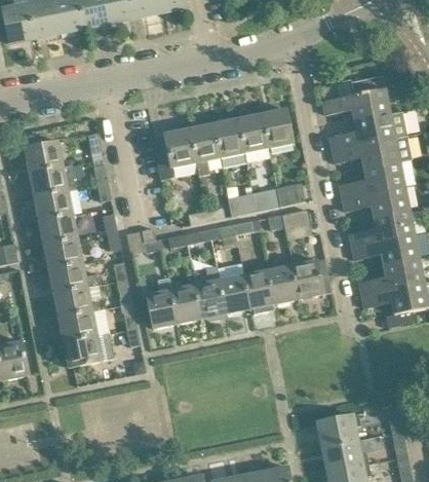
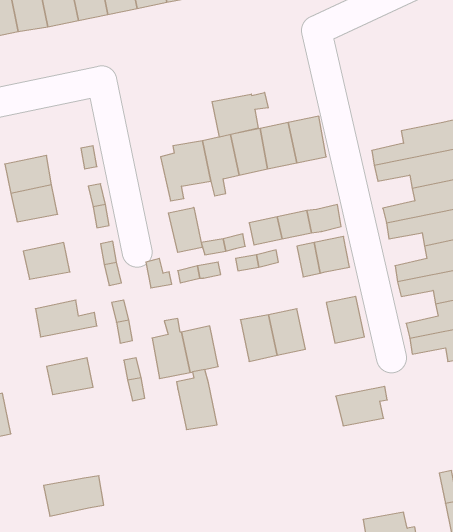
building: [322,75,390,120] -> none
building: none -> [212,92,268,137]
building: none -> [168,207,202,252]
building: [34,190,73,221] -> none
building: [44,238,83,269] -> none
building: [268,264,300,303] -> none
building: [194,267,228,318] -> [177,370,217,430]
building: [53,284,106,318] -> none
building: [64,333,114,367] -> [44,476,104,516]
building: [317,413,360,446] -> [336,386,387,426]

